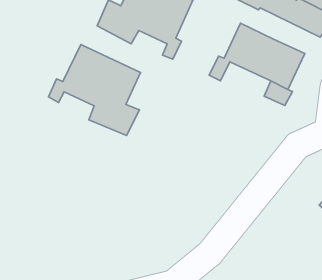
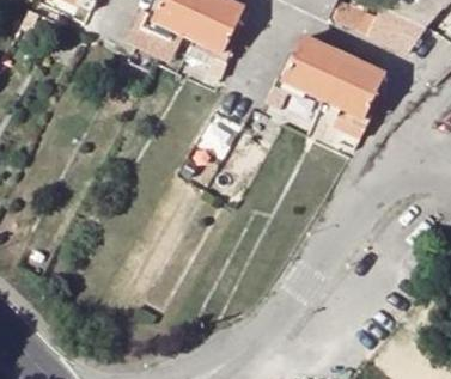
building: [48,45,141,135] -> none

